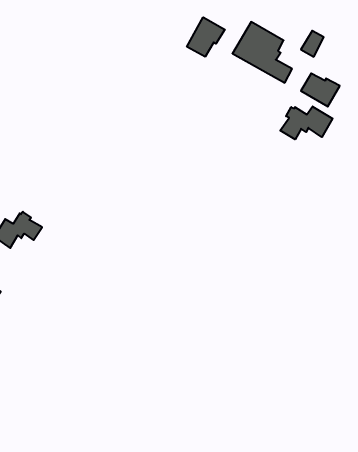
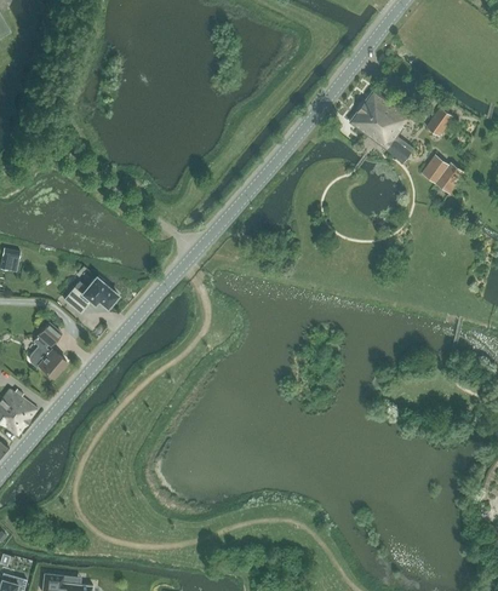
building: [187,17,225,57] -> none
building: [280,106,333,139] -> none

